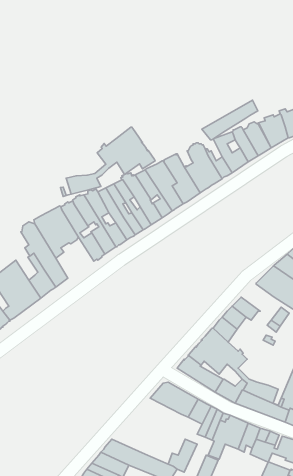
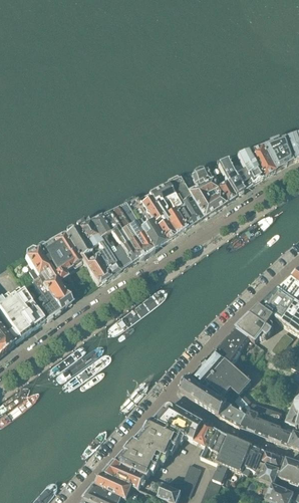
building: [202,100,258,140] -> none
building: [60,127,155,197] -> none
building: none -> [244,304,277,332]
building: none -> [114,420,184,476]

